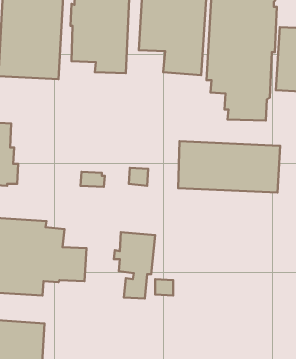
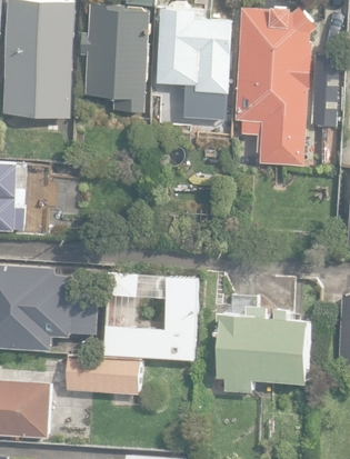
building: [178,141,280,193] -> none
building: none -> [219,298,312,396]
building: none -> [68,357,142,397]

